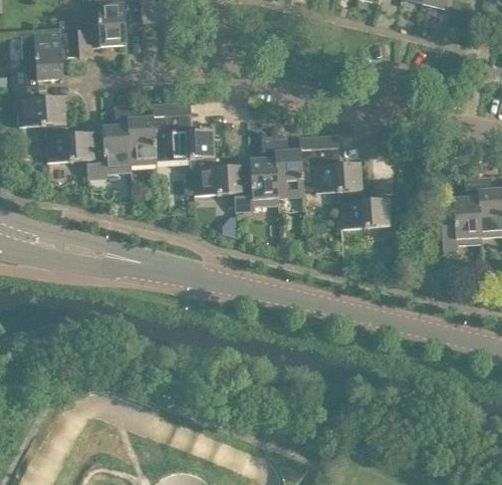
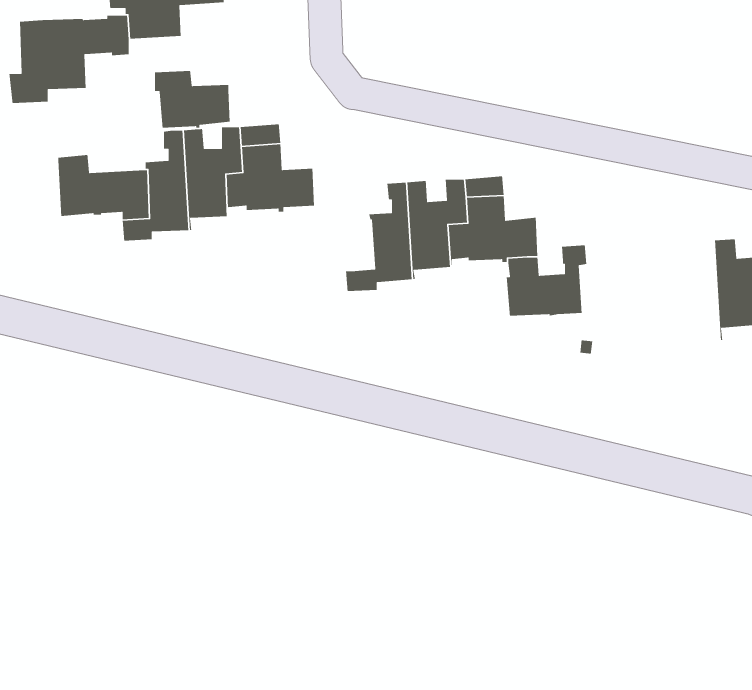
building: [15,87,65,126] -> [154,70,231,128]
building: [194,156,253,198] -> none
building: [440,178,480,249] -> none

